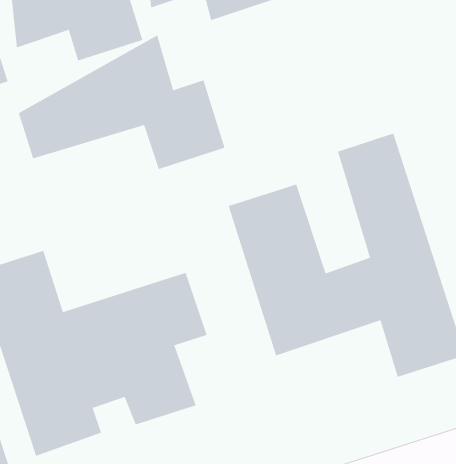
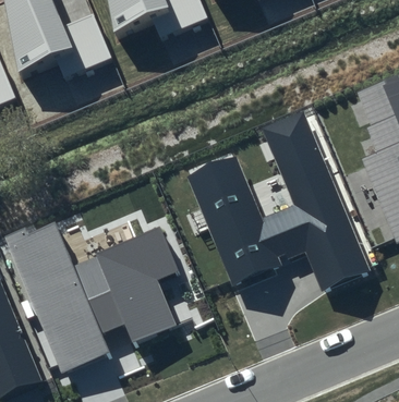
building: [18,35,225,170] -> none

